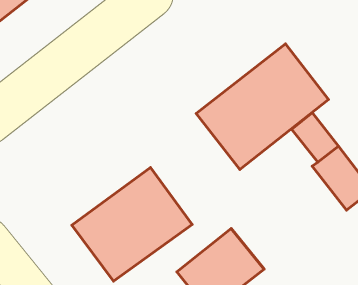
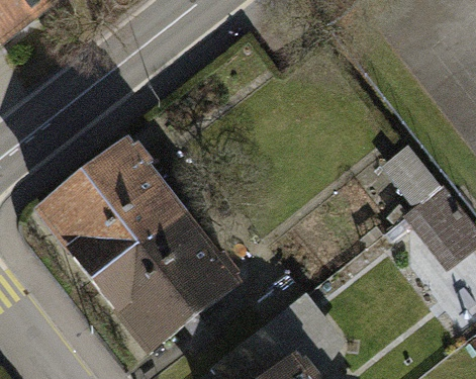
building: [196,44,328,169] -> none
building: none -> [40,140,195,288]

